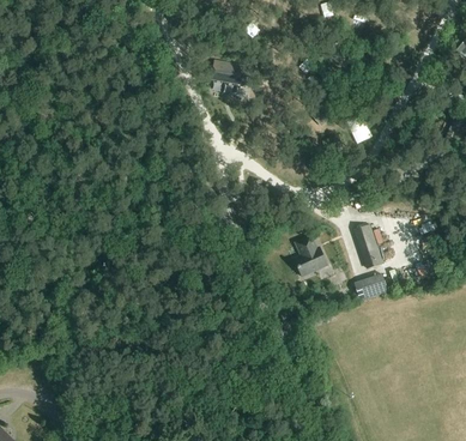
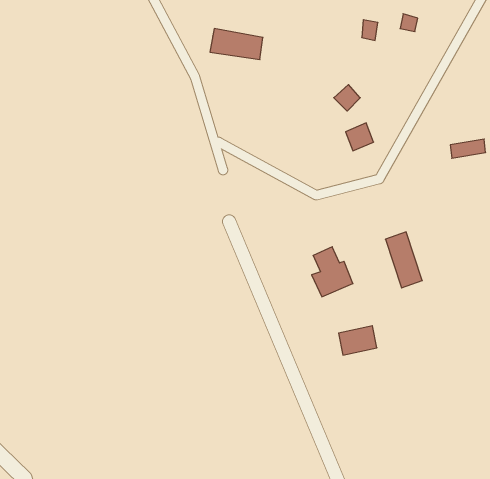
building: [357,273,388,297] -> [339,326,377,355]

